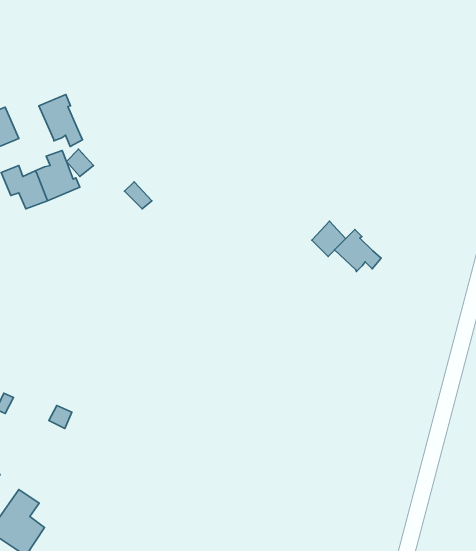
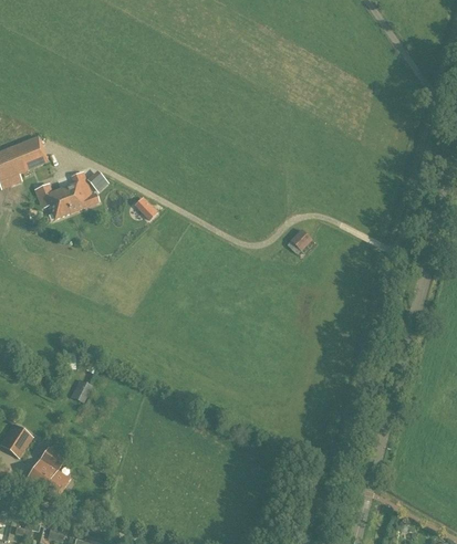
building: [39,95,83,147] -> none
building: [335,230,381,272] -> none

